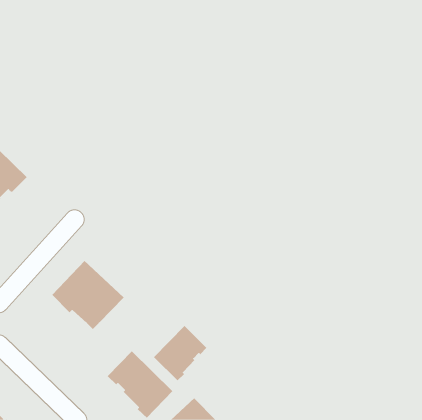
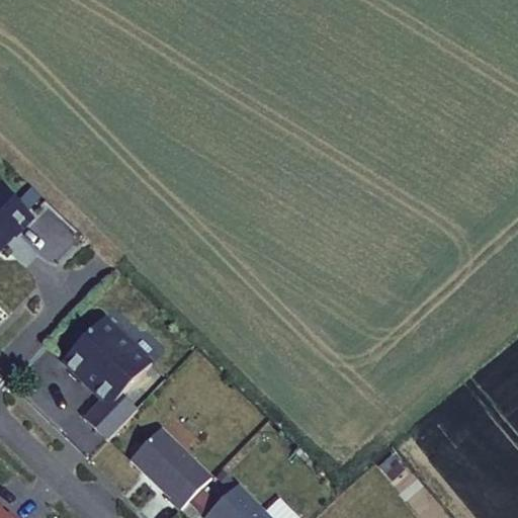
building: none -> [83,395,138,441]
building: [153,325,207,381] -> none

